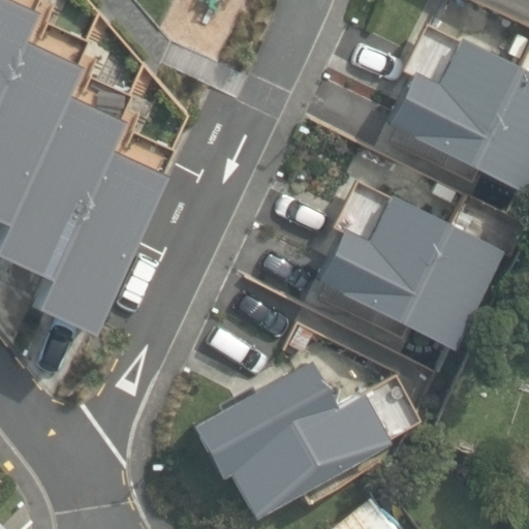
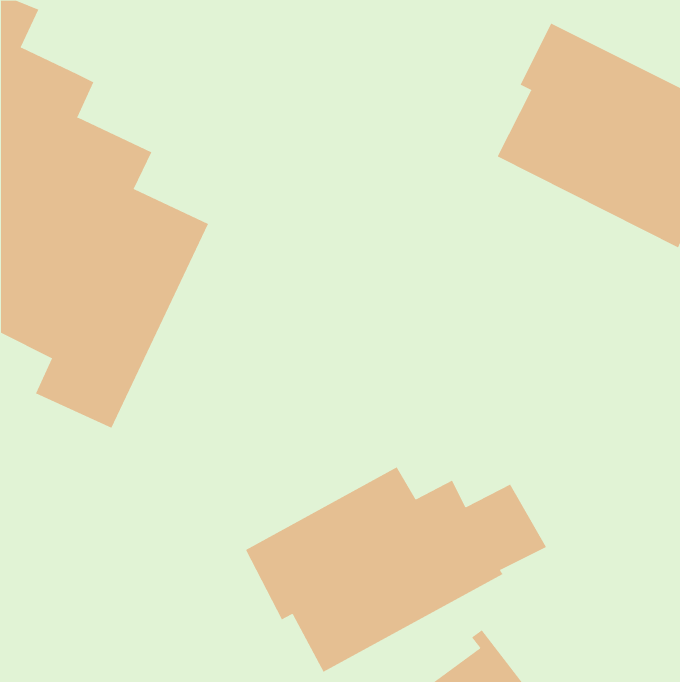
building: [317,180,506,353] -> none

